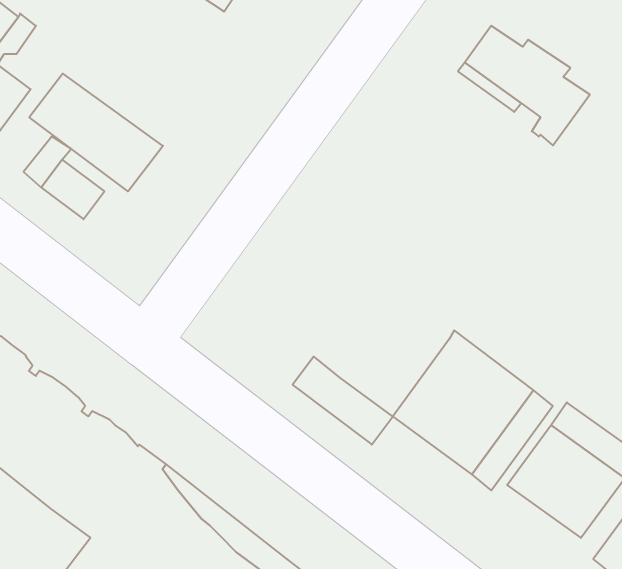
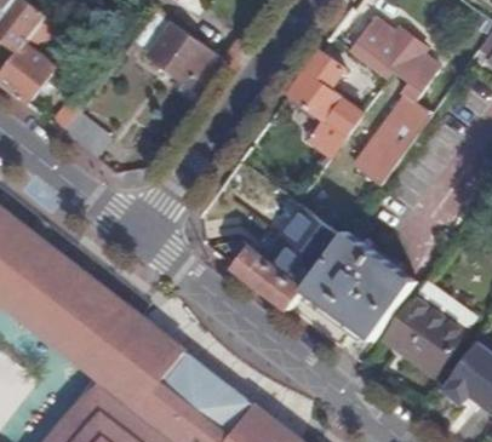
building: none -> [290,51,362,154]
building: [29,74,163,191] -> [132,11,224,92]
building: none -> [355,96,431,184]
building: none -> [268,211,343,289]

